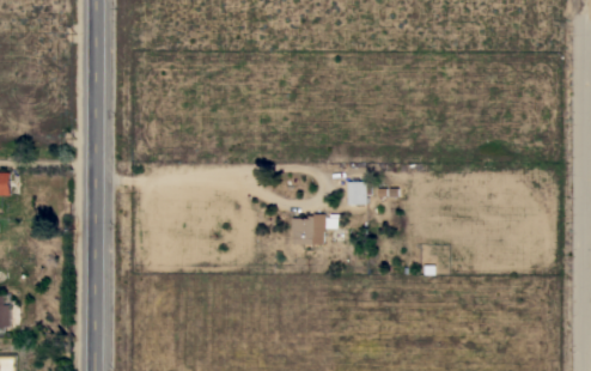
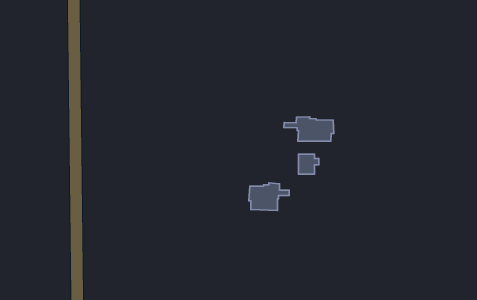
building: none -> [284,117,334,141]

